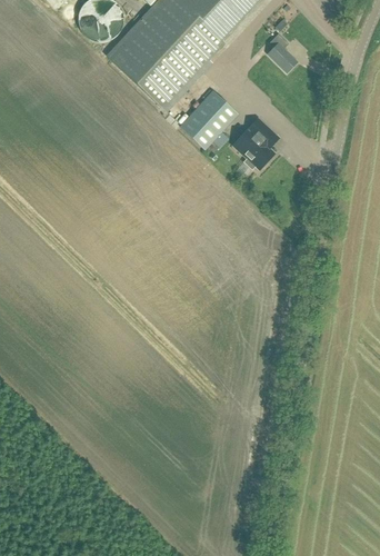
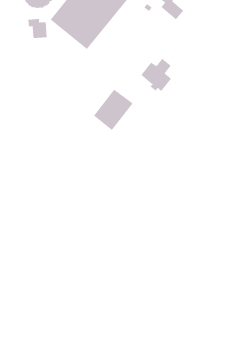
building: none -> [28,18,47,39]
building: [179,89,236,147] -> [93,89,134,131]

